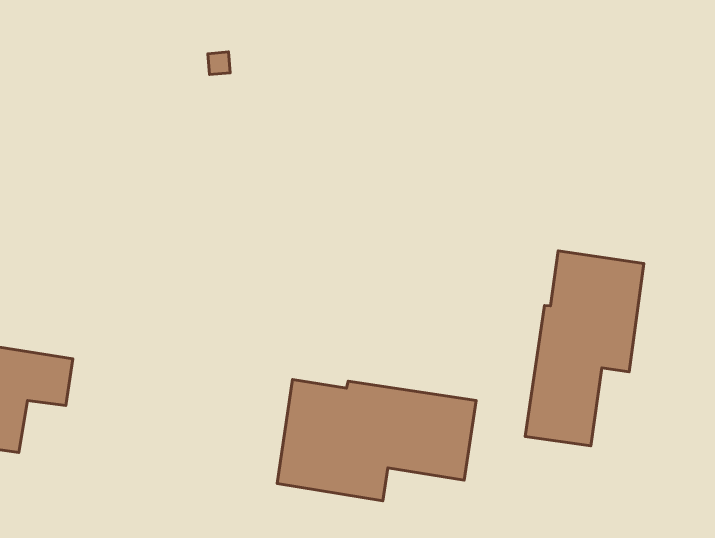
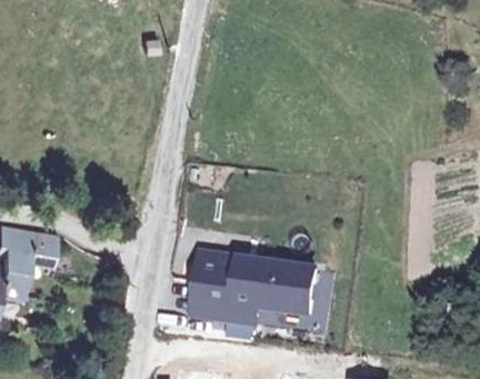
building: [525,251,644,446] -> none

